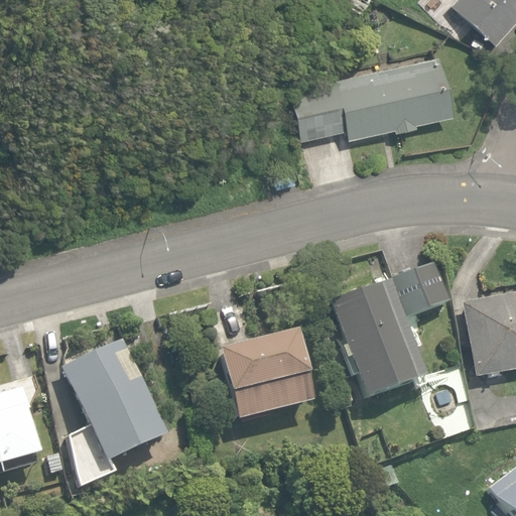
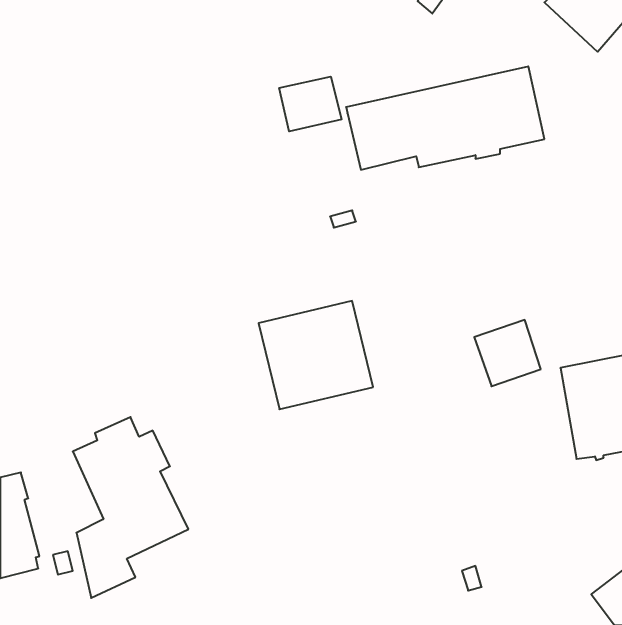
building: none -> [279,77,342,131]
building: [334,278,425,397] -> none
building: [218,332,311,420] -> [259,301,373,409]

